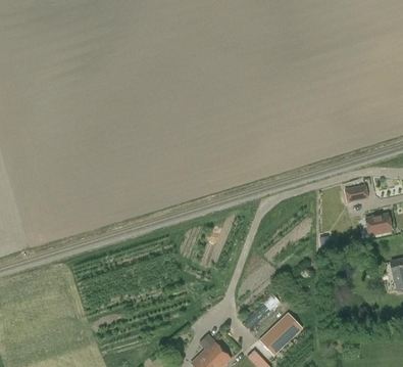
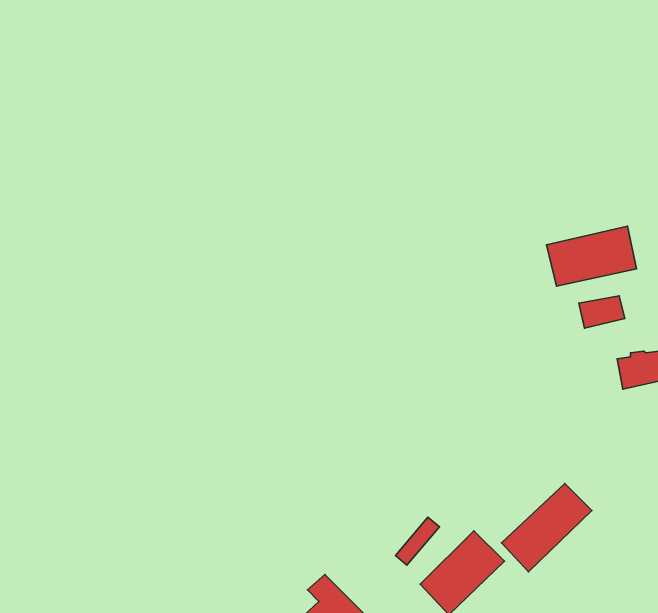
building: none -> [546,226,636,286]
building: none -> [502,483,592,572]

